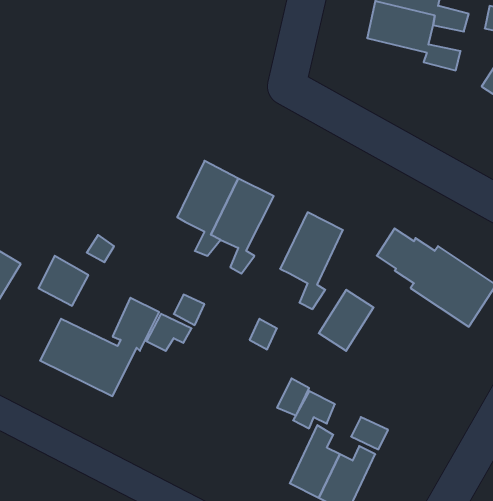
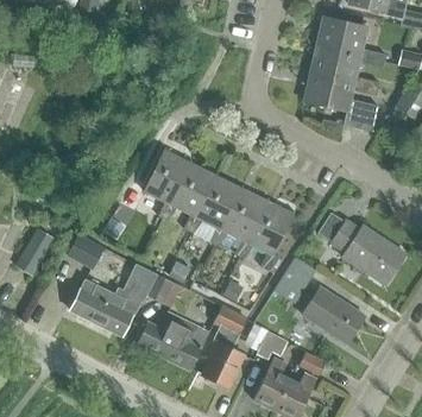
building: none -> [303,71,379,131]
building: none -> [143,149,190,220]
building: none -> [221,188,266,258]
building: none -> [302,286,365,342]
building: none -> [202,305,246,387]
building: none -> [137,311,208,368]

